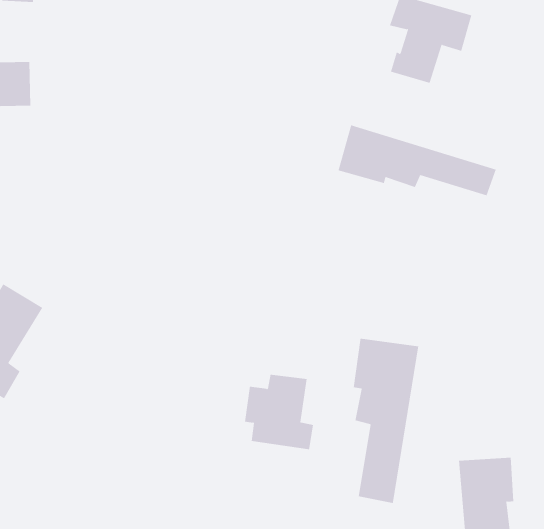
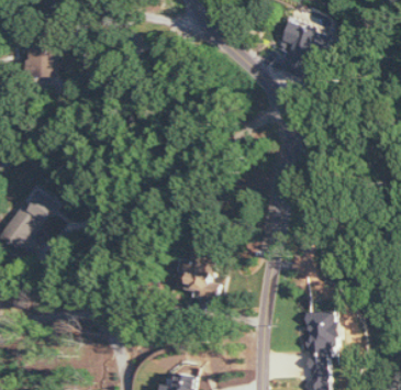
building: [338,124,497,196] -> none
building: [353,338,419,504] -> none

